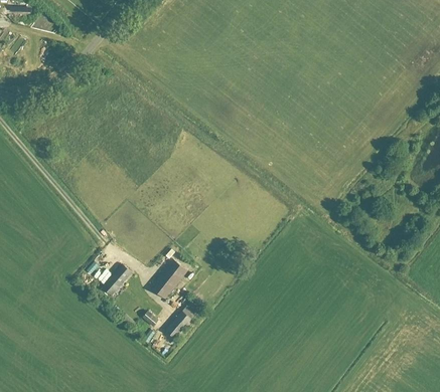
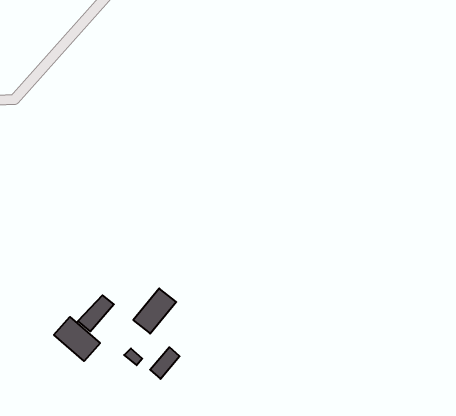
building: none -> [54,317,100,361]

